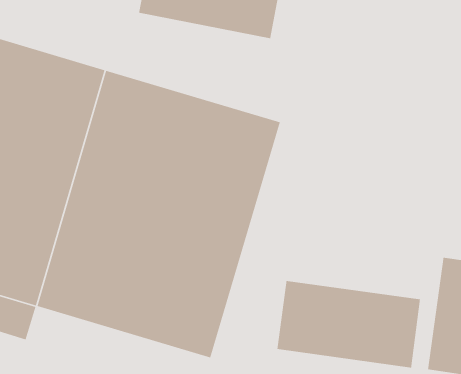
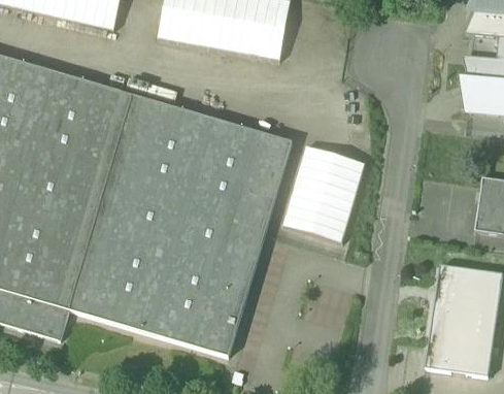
building: none -> [282,145,363,241]
building: [277,280,421,368] -> none

